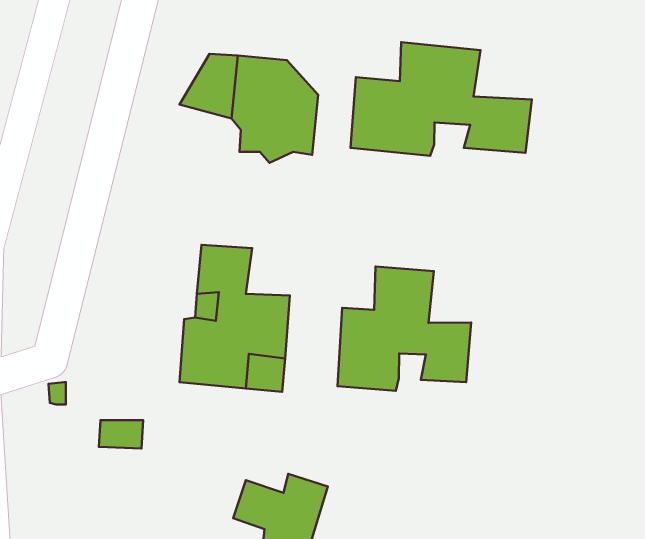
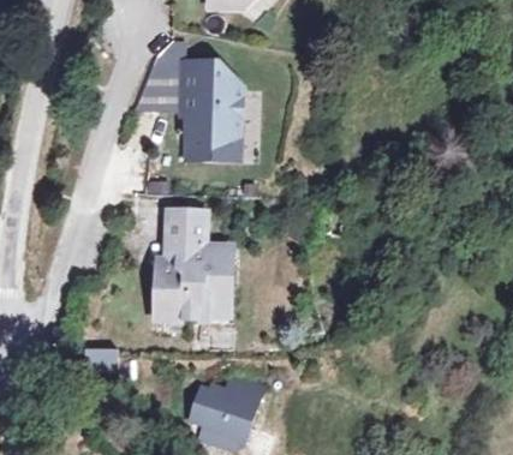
building: [351,42,532,156] -> none
building: [337,267,471,391] -> none

